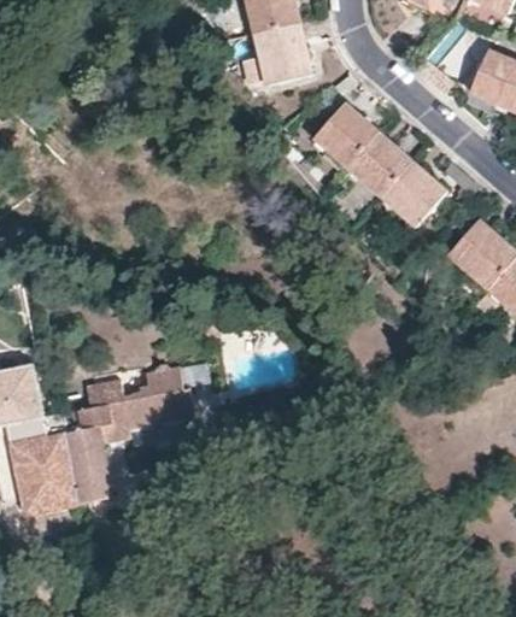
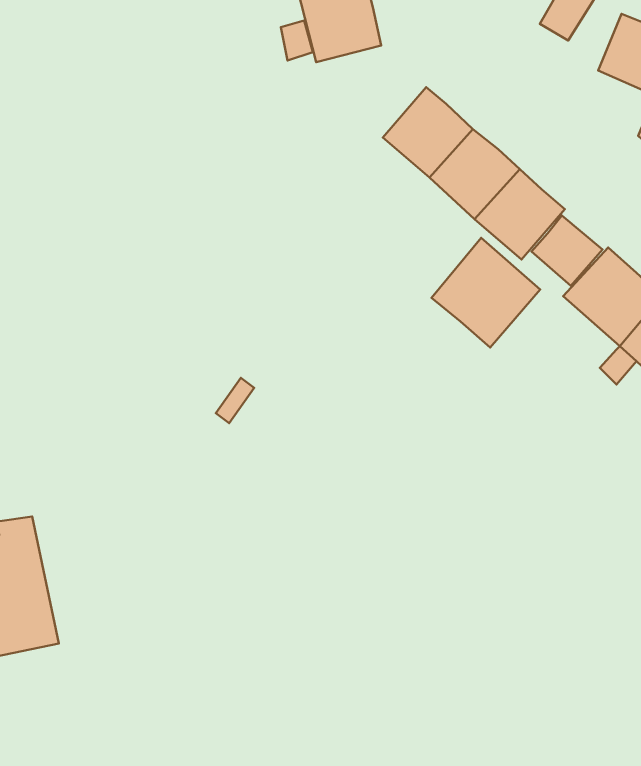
building: none -> [531,215,603,286]
building: none -> [432,238,540,347]
building: [63,368,193,504] -> none

